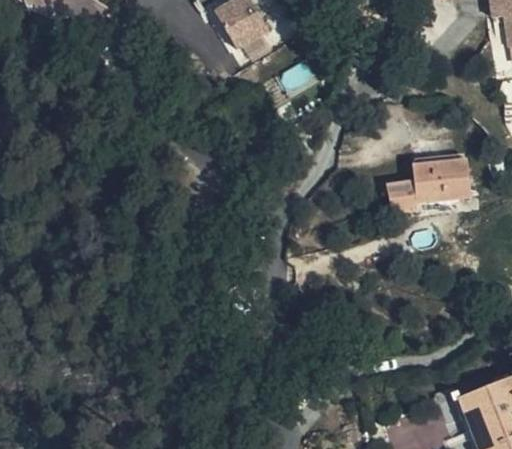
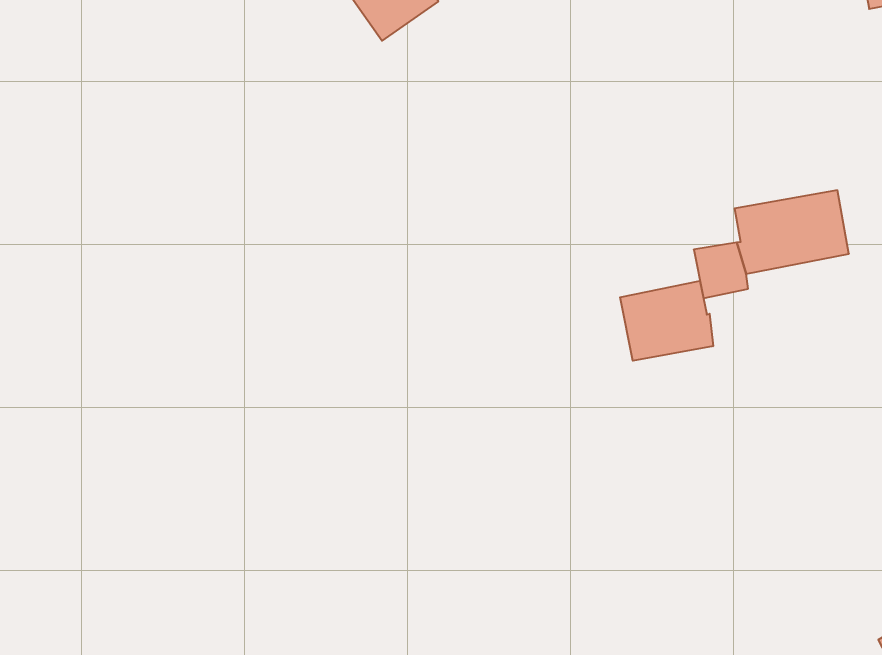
building: none -> [620,281,713,361]

